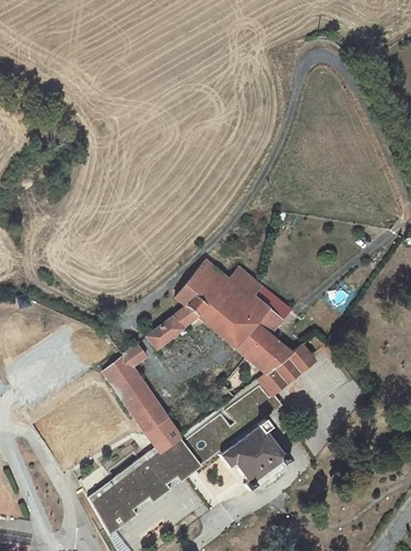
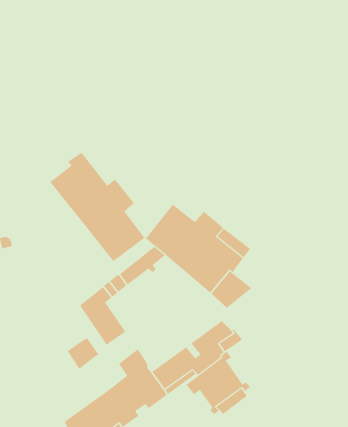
building: none -> [49,152,145,262]
building: [258,344,313,392] -> none
building: [133,397,168,432] -> [67,337,99,369]

